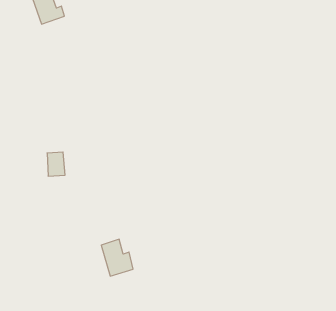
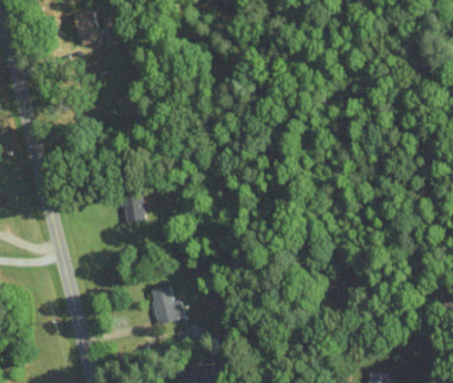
building: [47,152,65,176] -> [124,195,144,221]

